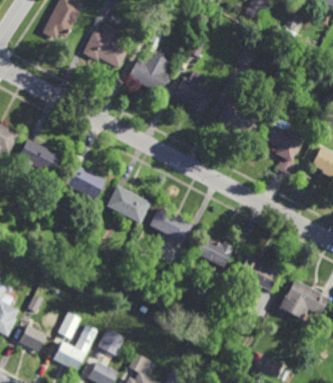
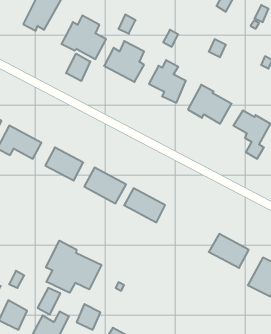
building: none -> [66,54,90,81]
building: [195,235,234,267] -> none
building: none -> [46,241,101,293]

